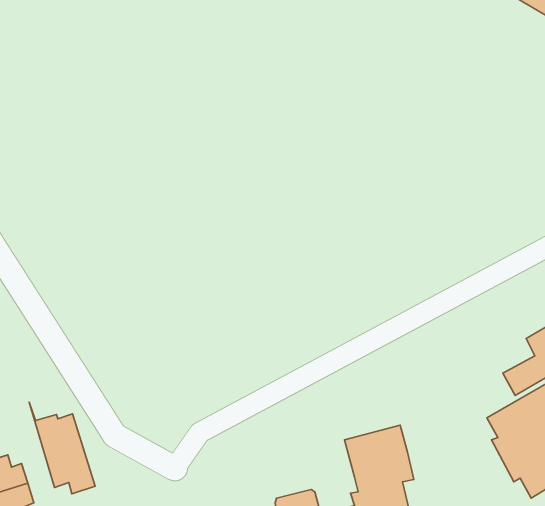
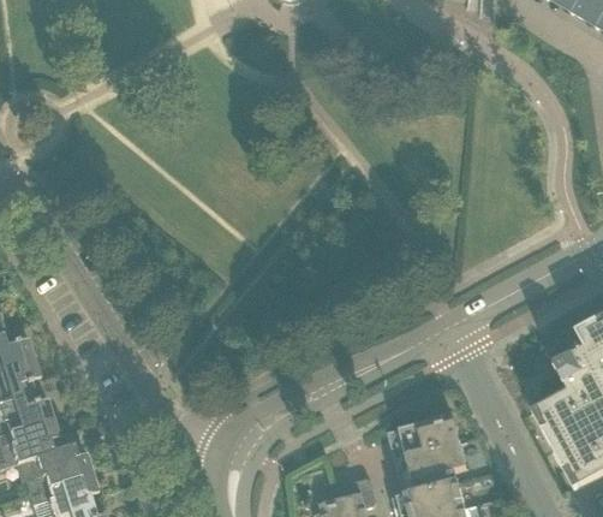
building: [29,402,95,494] -> none

